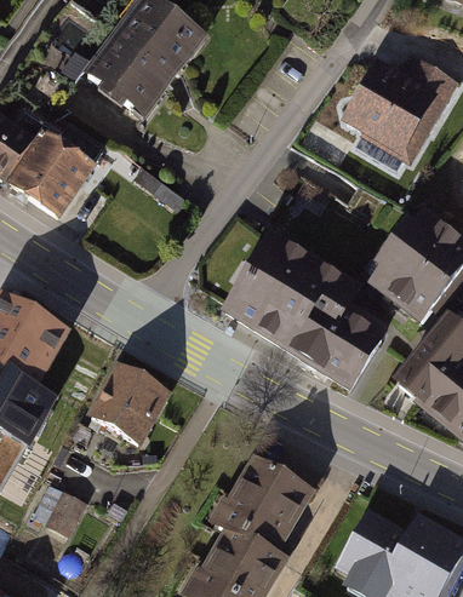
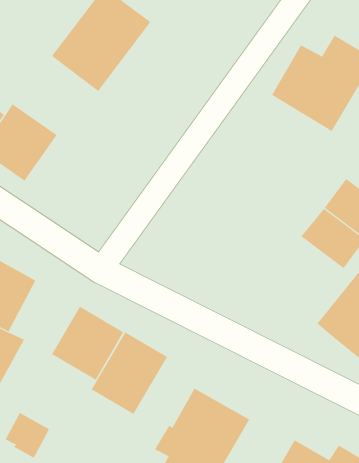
building: [222,230,381,383] -> none
building: none -> [91,331,168,415]

